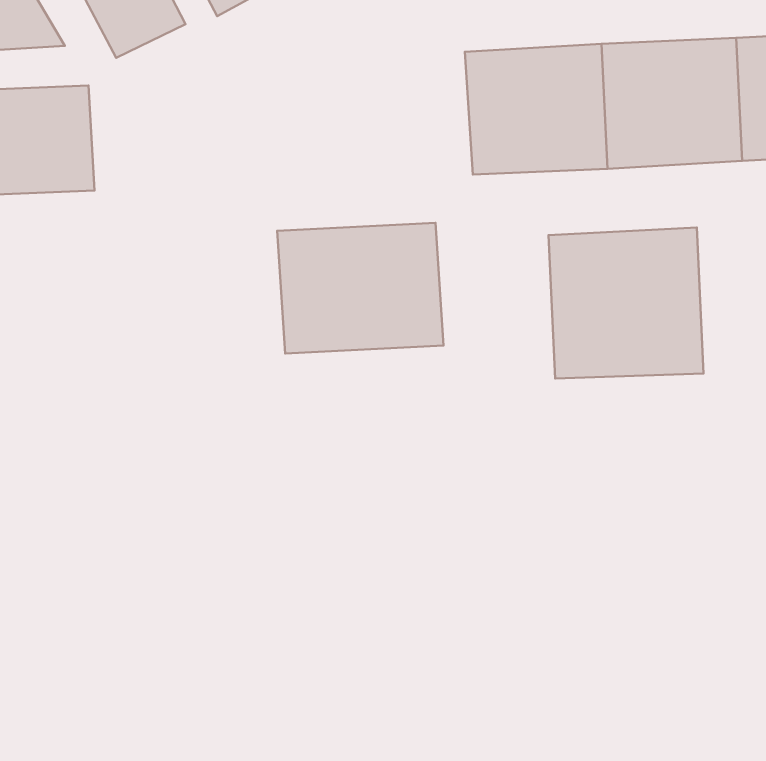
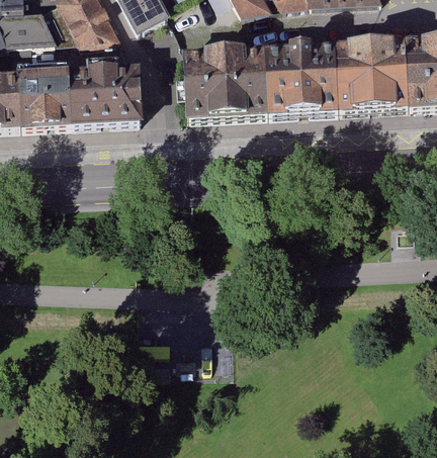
building: none -> [70,64,142,120]
building: [277,223,444,353] -> [181,50,266,116]
building: [548,227,704,379] -> none

